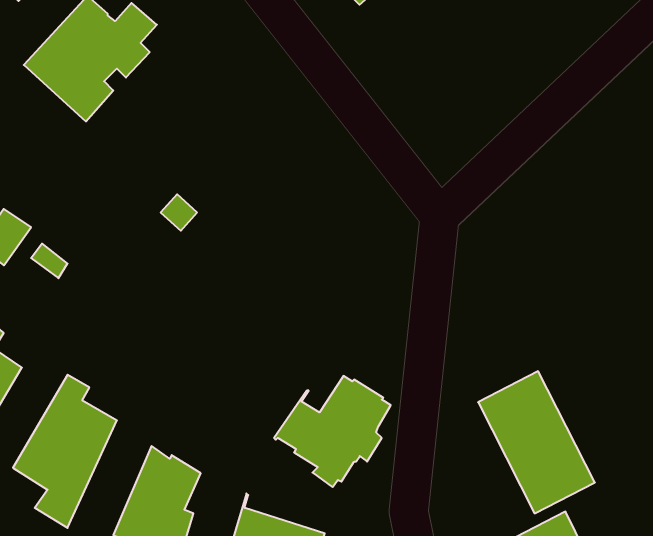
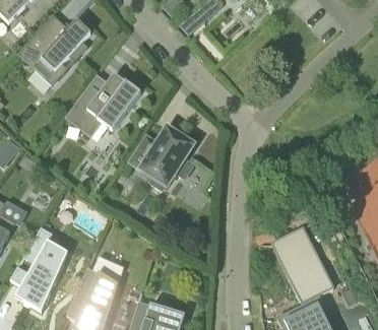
building: none -> [65,73,140,130]
building: [274,376,391,487] -> [128,127,193,189]

